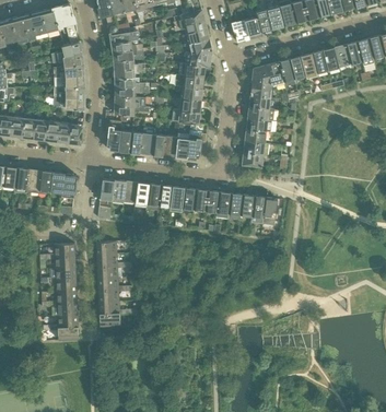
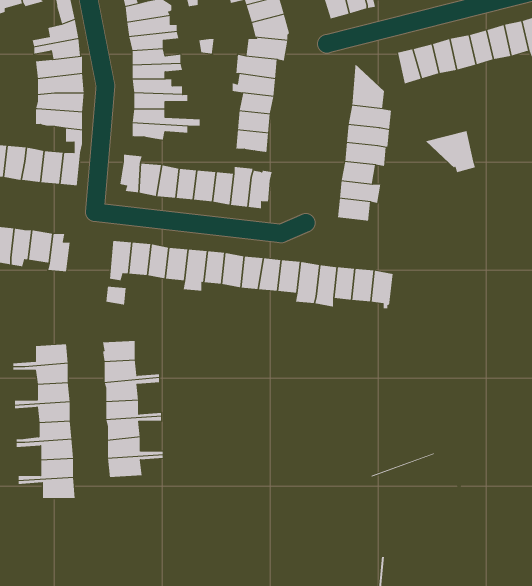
building: [253,61,284,87] -> [425,131,476,173]

